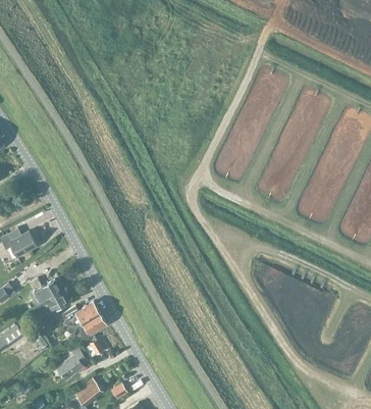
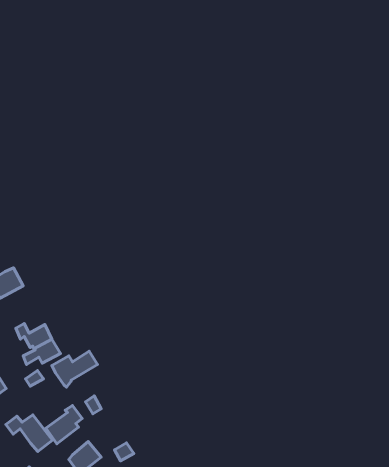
building: [75,313,105,343] -> none
building: none -> [6,415,53,452]

